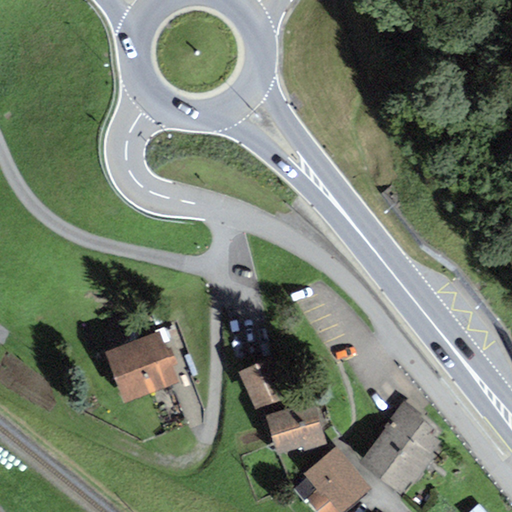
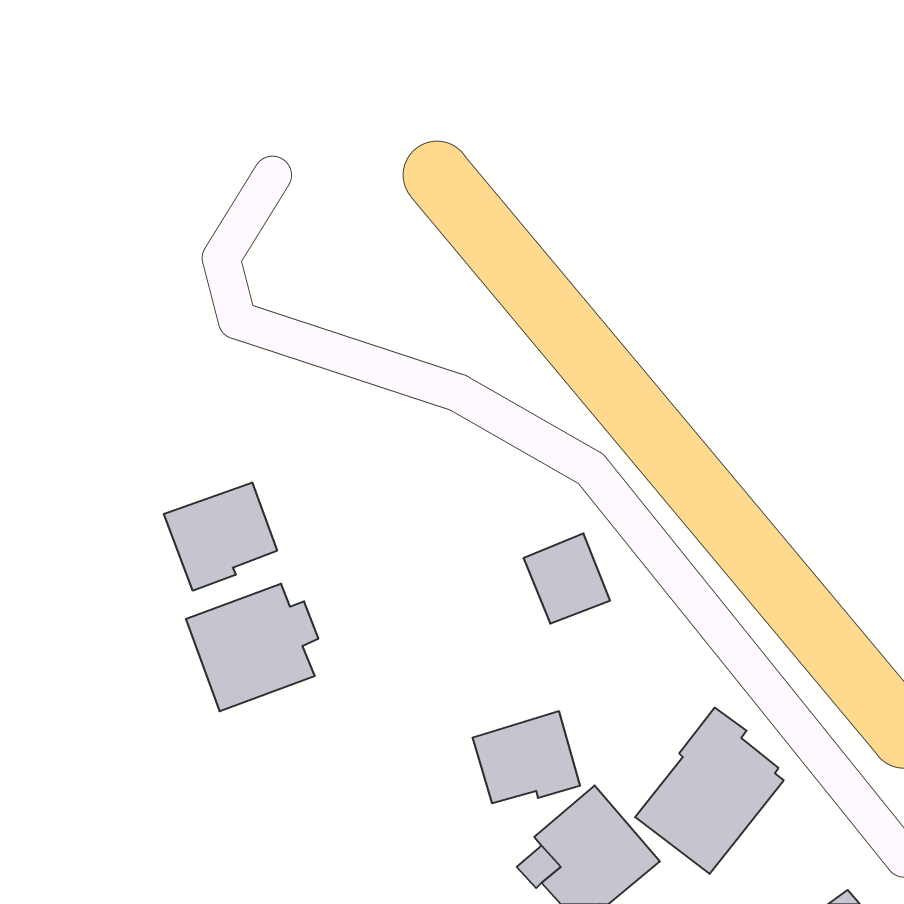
building: none -> [164,482,277,591]
building: [238,358,287,409] -> [523,533,610,624]

